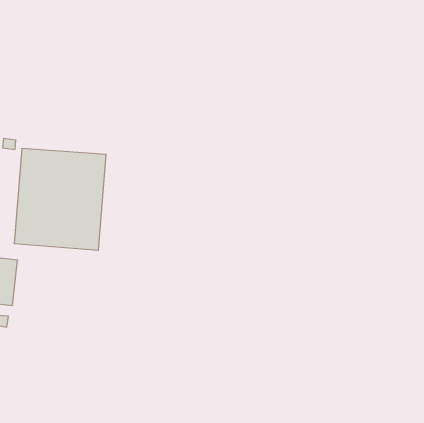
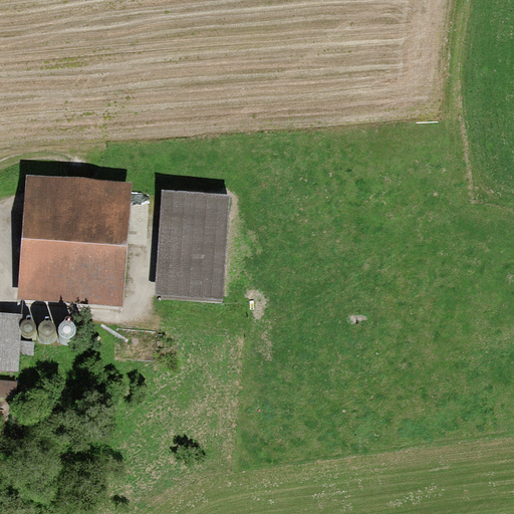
building: none -> [156,190,228,298]

